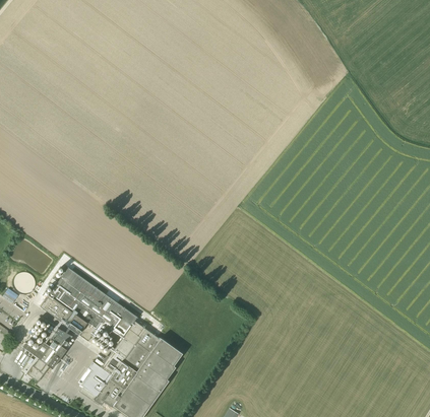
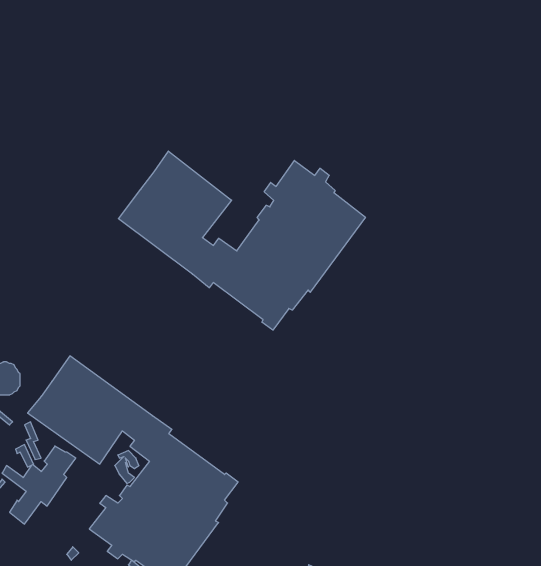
building: none -> [118,151,365,330]

